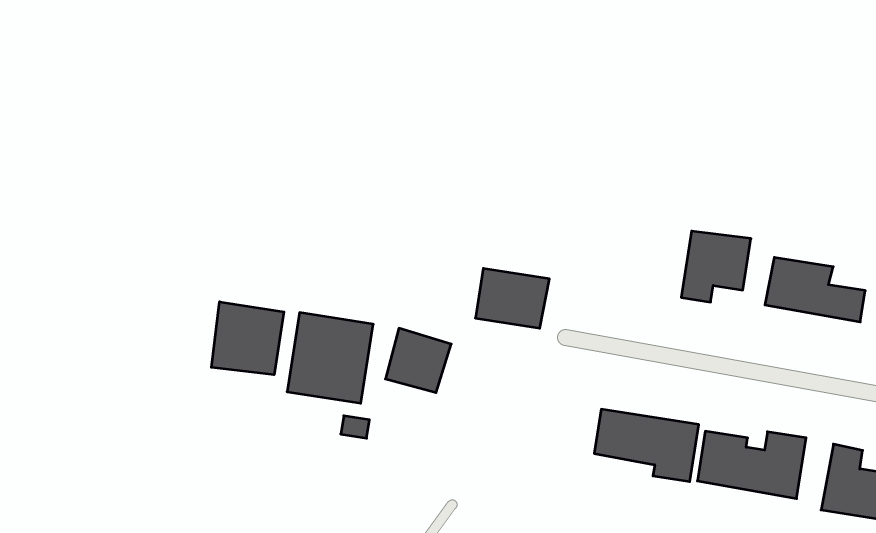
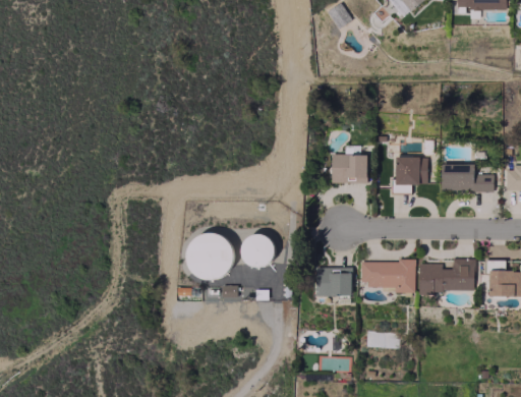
building: [475,268,549,328] -> [331,155,367,182]
building: [211,302,284,375] -> none
building: none -> [315,267,352,296]

